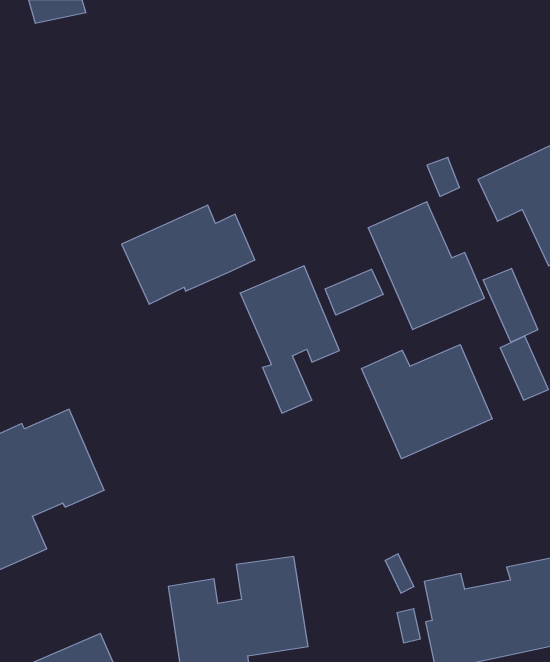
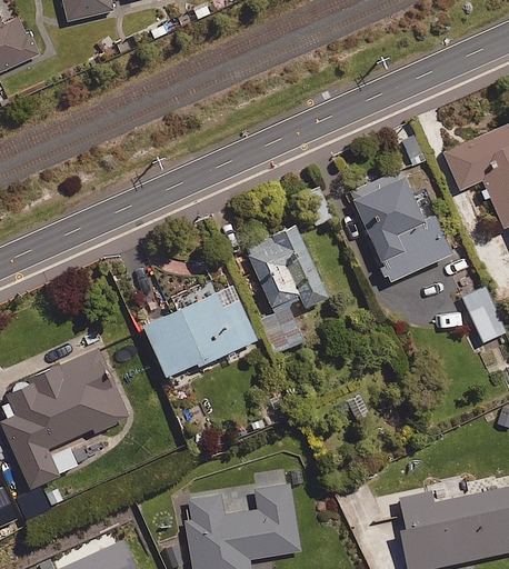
building: [122,205,255,304] -> [142,293,256,378]
building: [483,268,538,342] -> none
building: [325,269,383,315] -> none
building: [362,345,492,459] -> none

